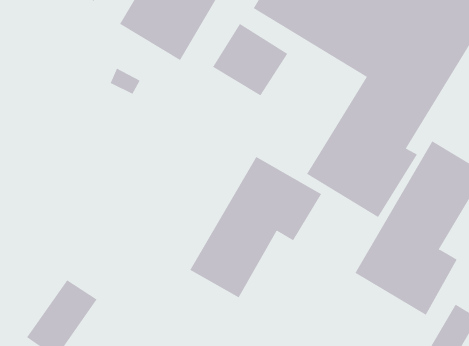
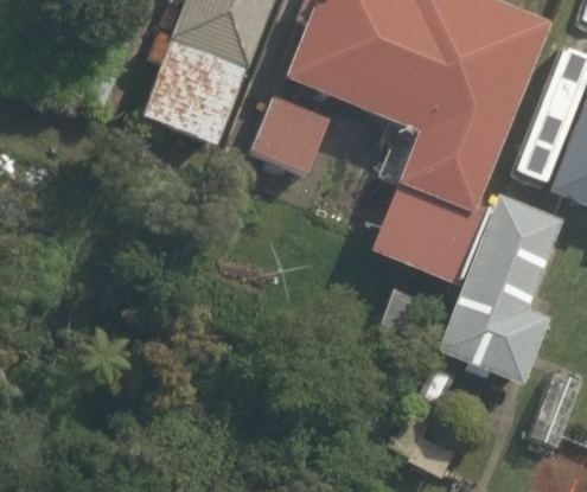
building: [189,156,322,298] -> none

